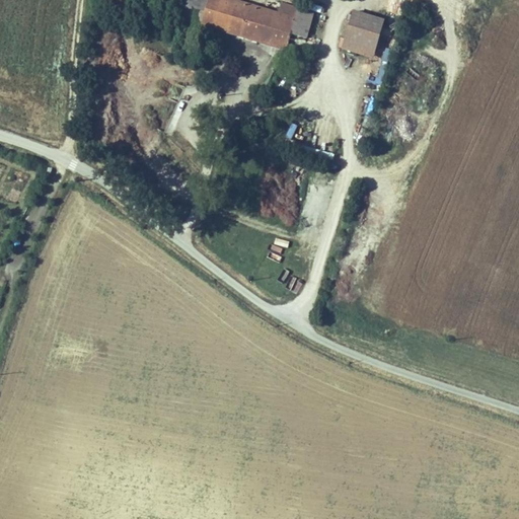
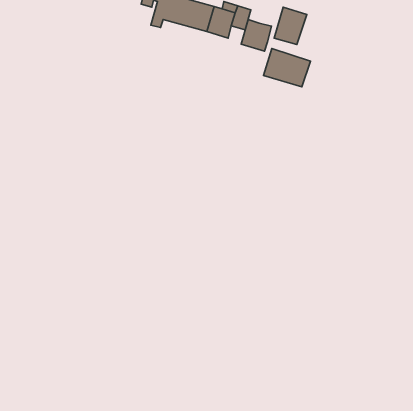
building: none -> [241,19,272,51]
building: none -> [264,48,310,87]

